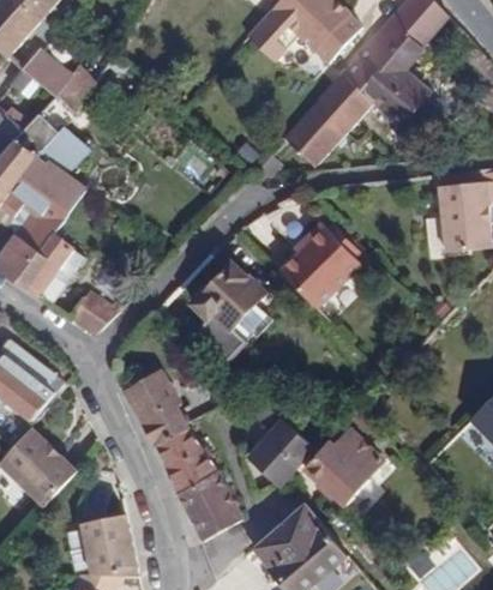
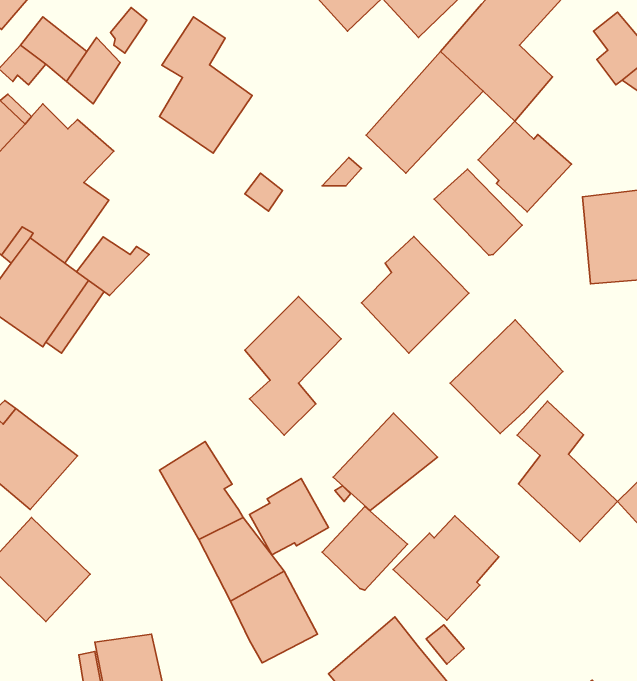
building: none -> [159,17,252,153]
building: none -> [478,121,572,212]
building: none -> [434,169,522,255]
building: none -> [450,320,563,434]
building: [67,291,122,336] -> [76,237,149,295]
building: none -> [517,401,617,541]
building: none -> [333,413,437,510]
building: none -> [250,479,328,555]

